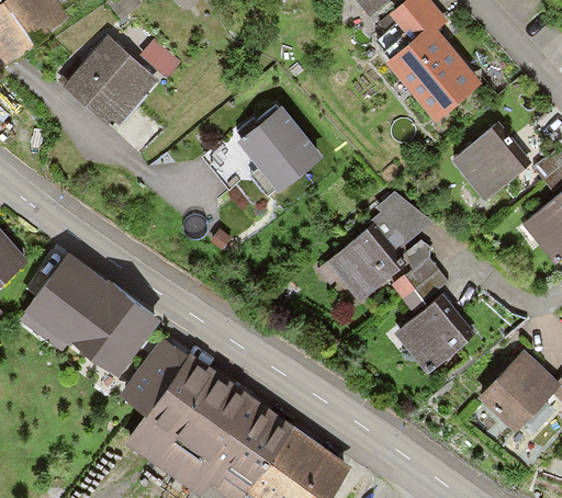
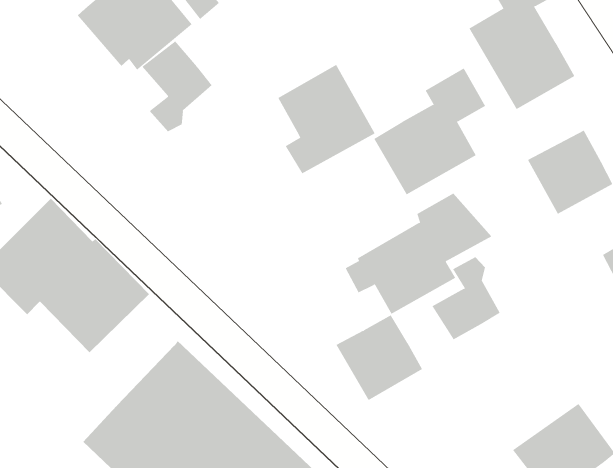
building: none -> [373,68,486,195]
building: none -> [142,40,213,132]
building: [393,298,468,372] -> [335,315,423,401]
building: [122,338,187,411] -> none

